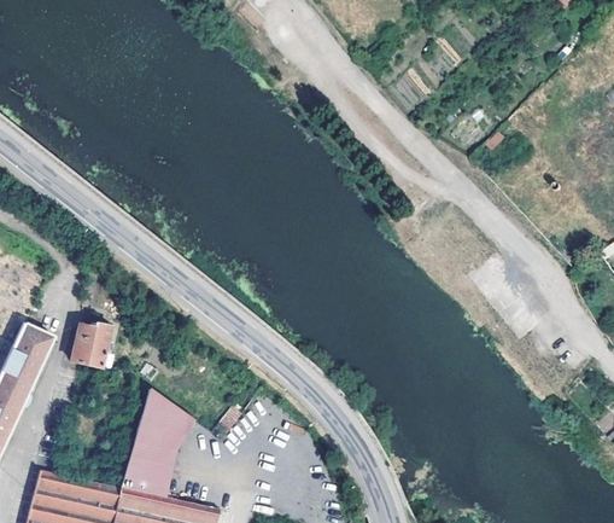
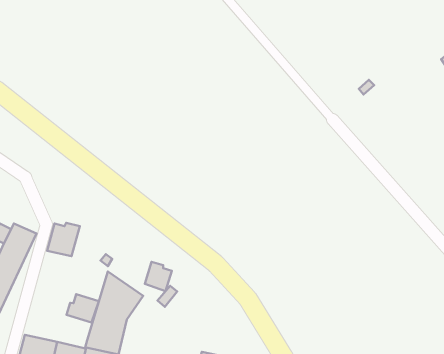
building: none -> [145,262,172,291]
building: none -> [66,294,99,322]

